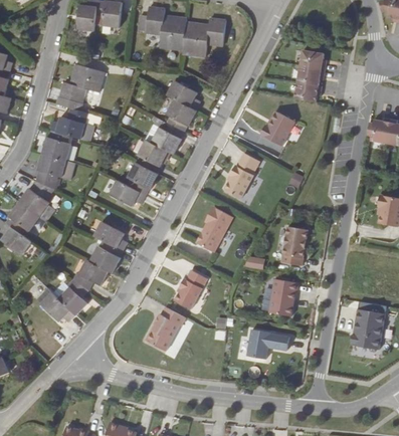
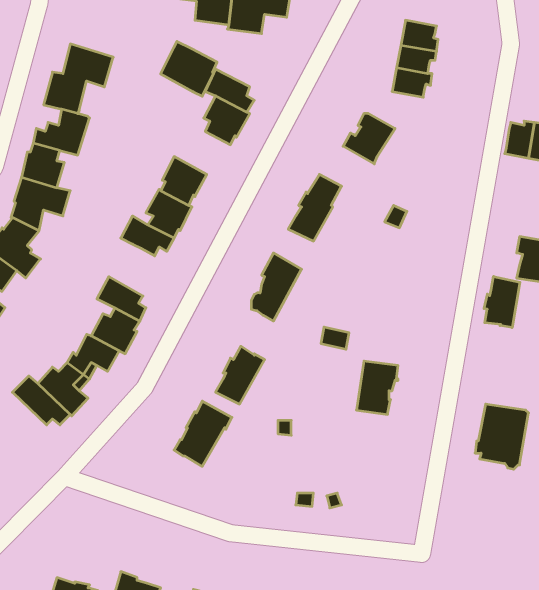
building: [146,118,184,155] -> [161,41,217,96]
building: none -> [484,276,520,328]
building: [280,225,308,264] -> none
building: [247,329,288,359] -> none

